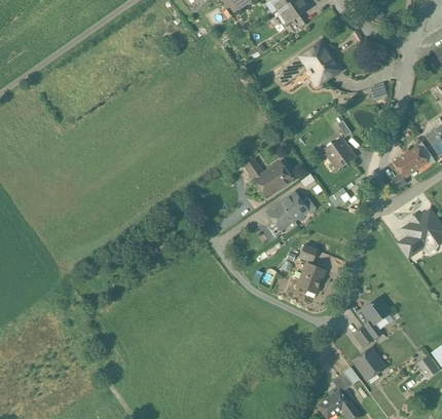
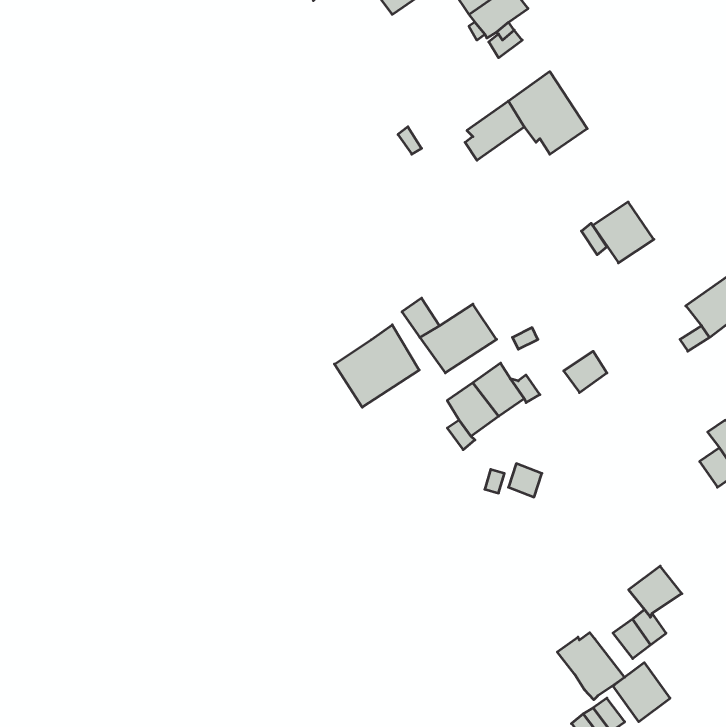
building: [323,137,355,168] -> [593,202,654,263]
building: none -> [334,325,419,407]
building: [297,262,325,297] -> none
building: none -> [557,633,625,700]

